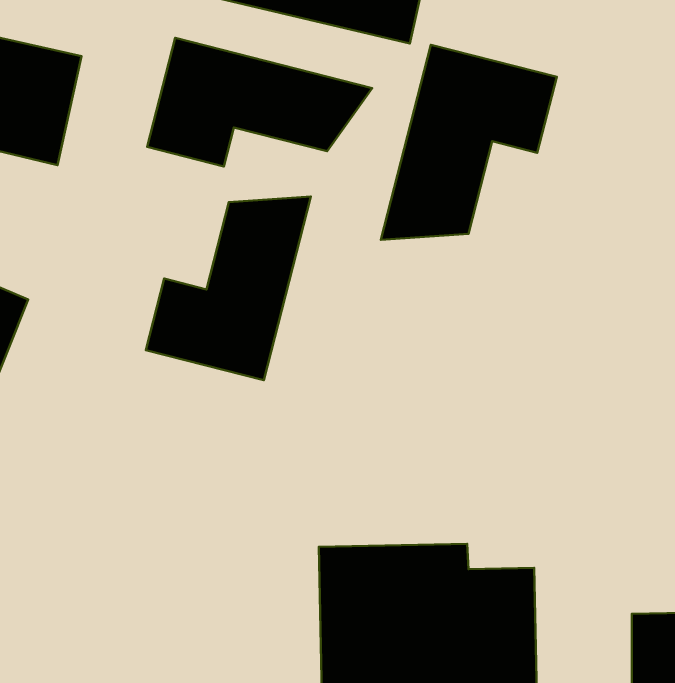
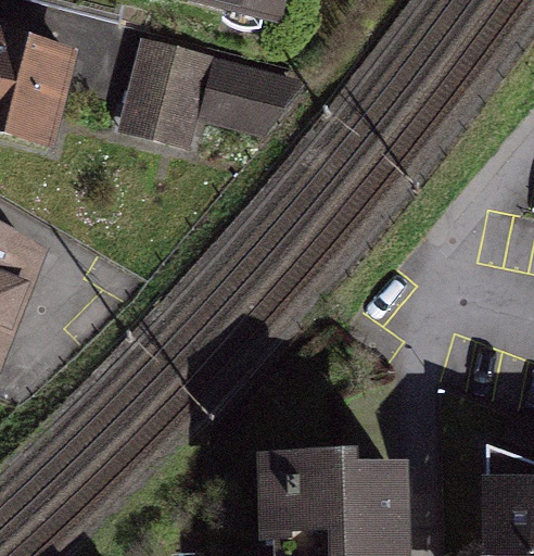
building: [381,45,557,240] -> none
building: [146,196,311,380] -> none

